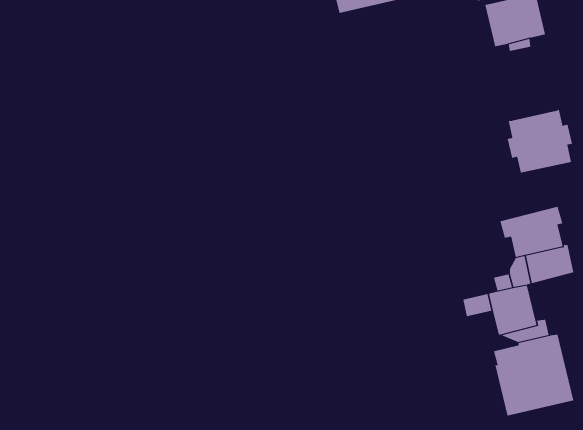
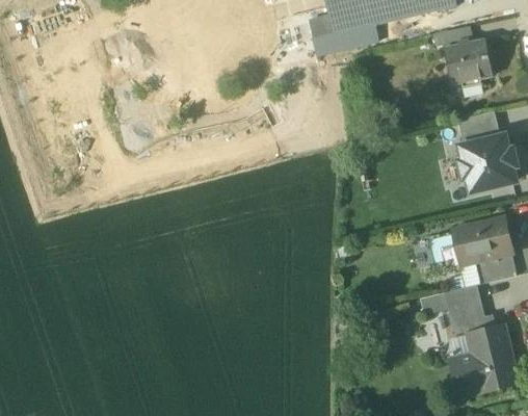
building: none -> [459,111,502,146]

